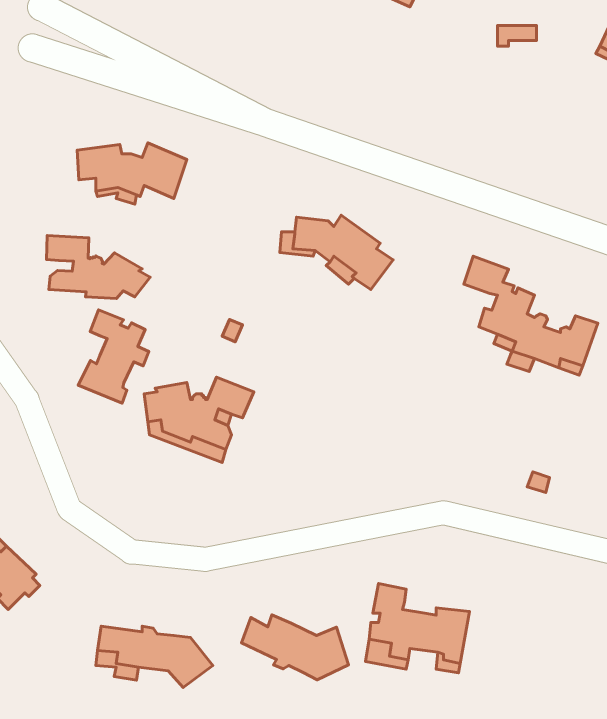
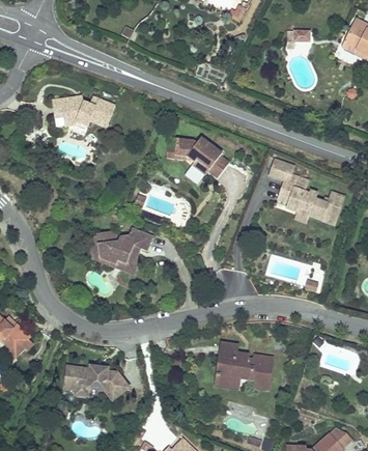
building: [47,235,150,299] -> none
building: [78,310,149,403] -> none
building: [241,615,349,680] -> none

